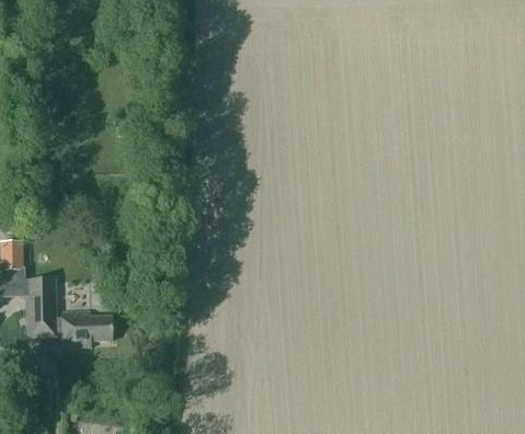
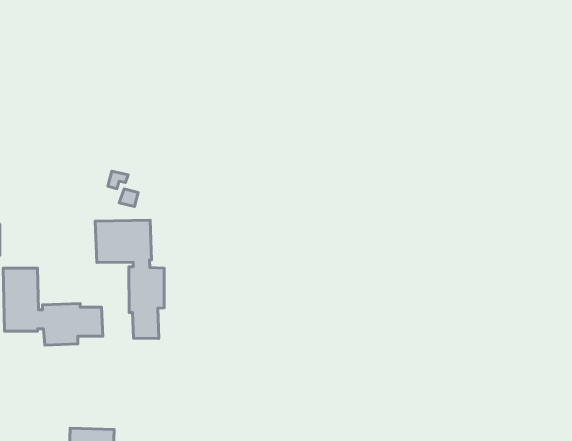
building: none -> [95,220,164,339]

